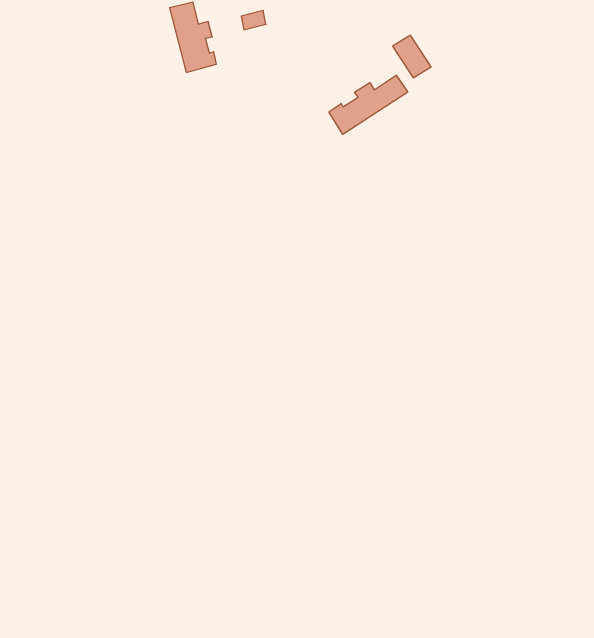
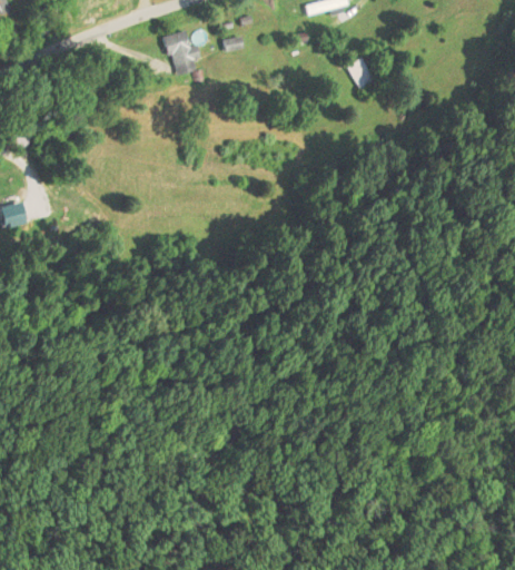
building: [329,75,408,134] -> none

